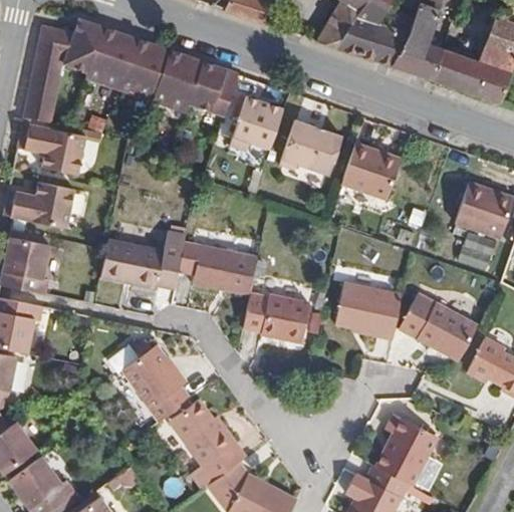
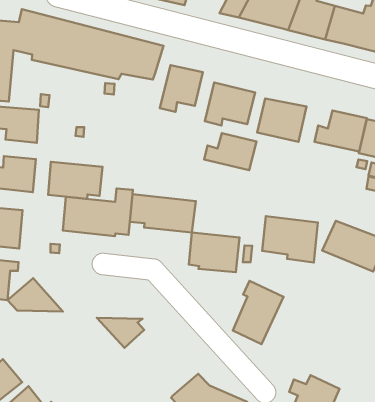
building: none -> [315,111,367,151]
building: none -> [204,133,257,170]
building: none -> [48,162,103,199]
building: [120,346,184,389] -> [8,278,63,311]
building: [167,401,249,482] -> none
building: [374,417,438,492] -> [233,281,284,344]

